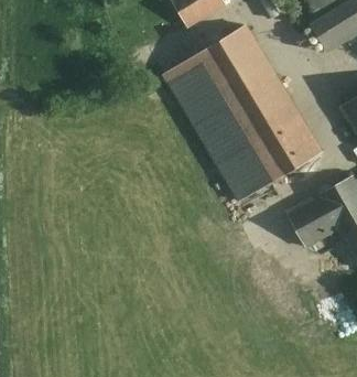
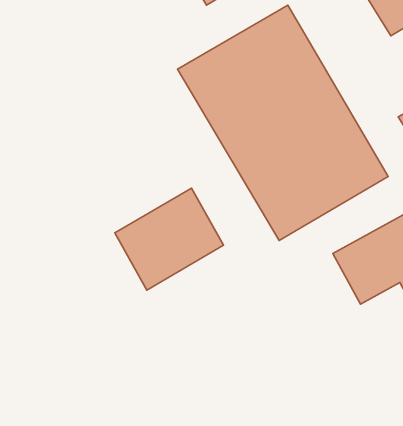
building: none -> [115,188,224,290]

